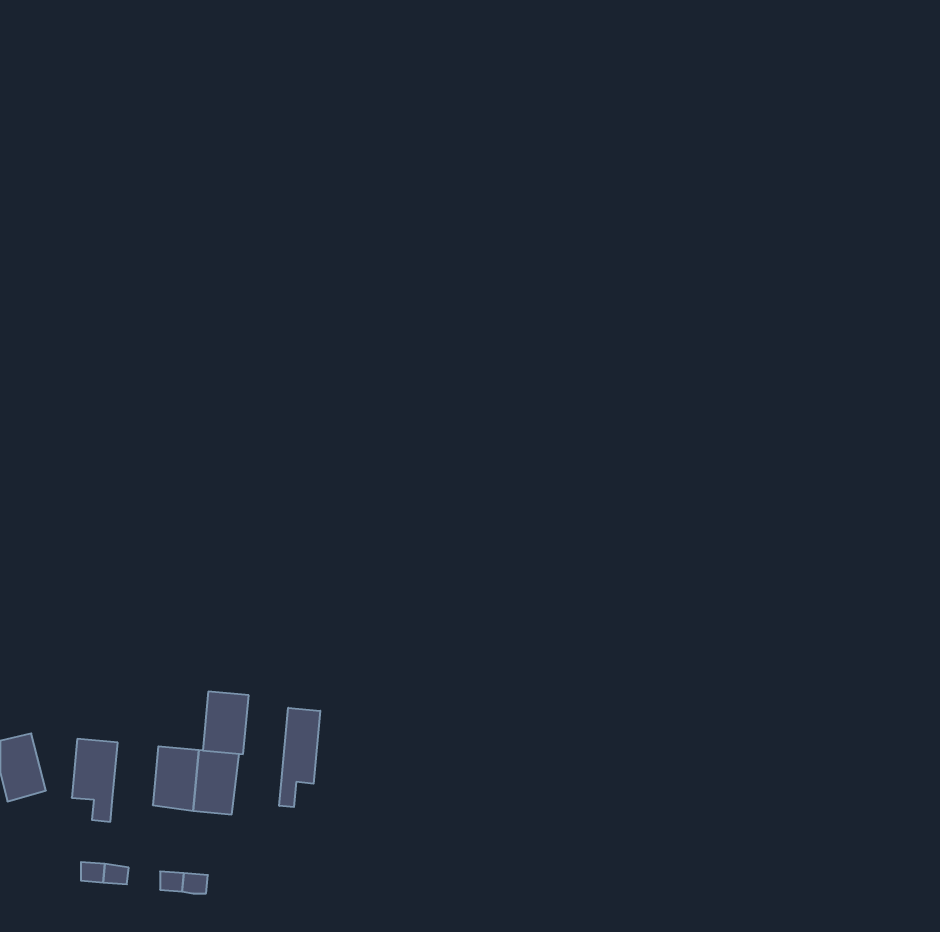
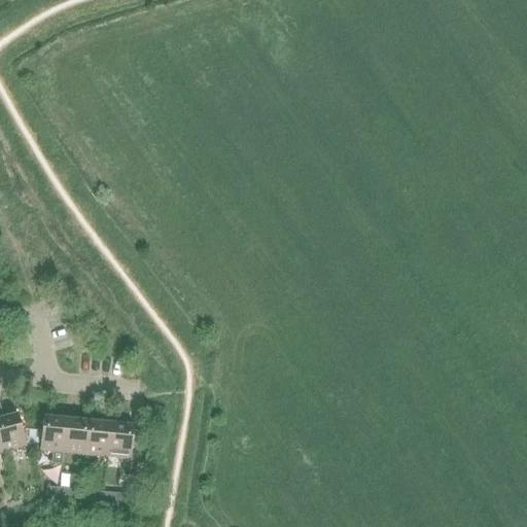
building: [203,692,249,754] -> [63,416,89,451]
building: [279,708,320,807] -> none

